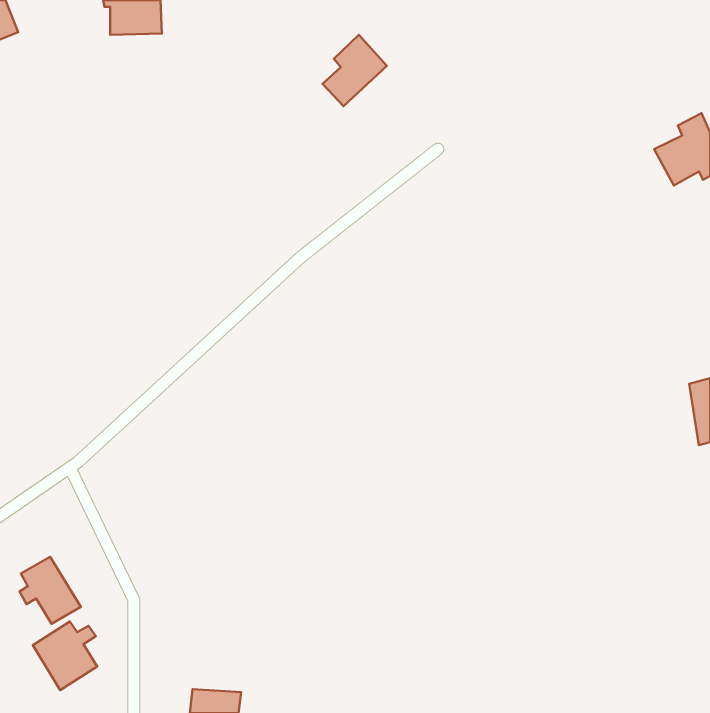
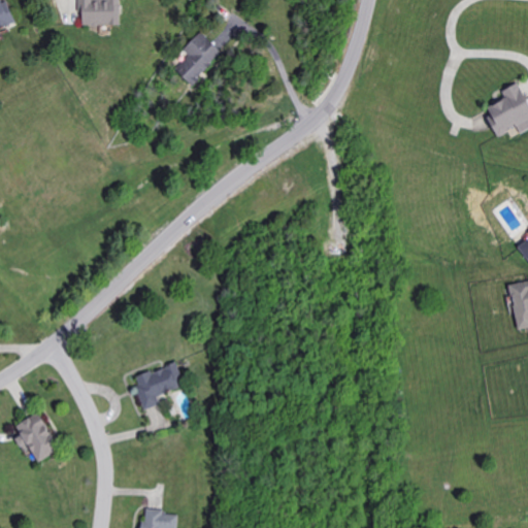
building: [323,35,387,106] -> [174,32,222,85]
building: none -> [136,361,185,409]
building: [33,622,97,690] -> none

